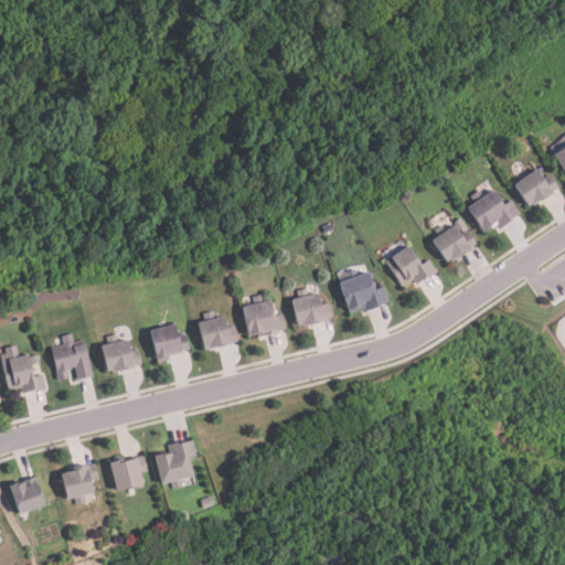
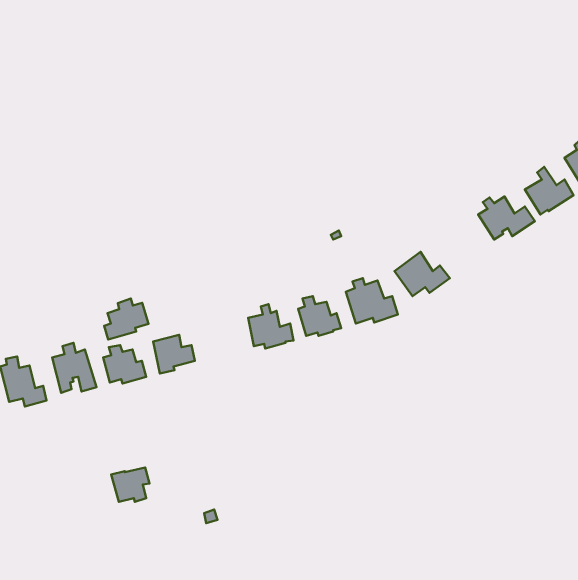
building: [431,226,476,262] -> none
building: none -> [104,299,149,340]
building: [196,312,238,349] -> none
building: [154,439,196,489] -> none
building: [61,461,98,503] -> none
building: [10,475,46,512] -> none

